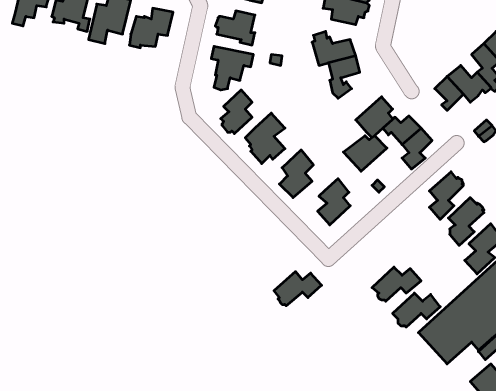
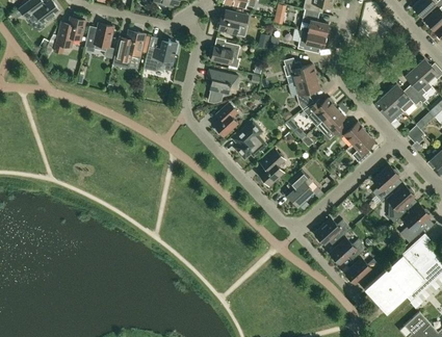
building: [343,136,387,171] -> [304,99,337,126]
building: [274,272,322,306] -> [315,218,352,244]

